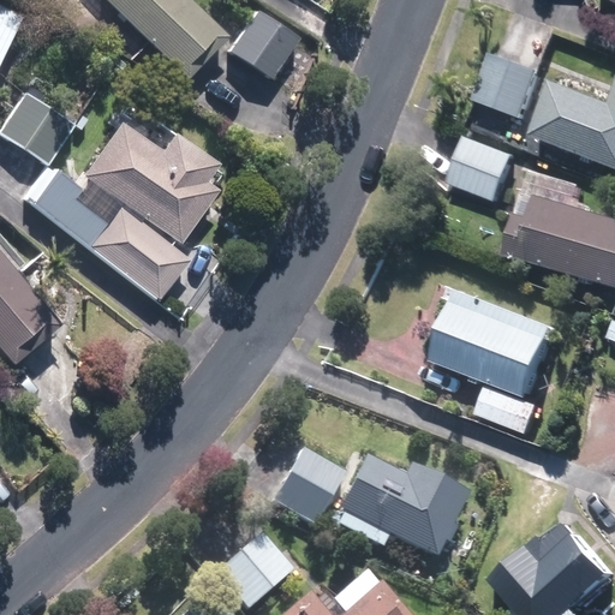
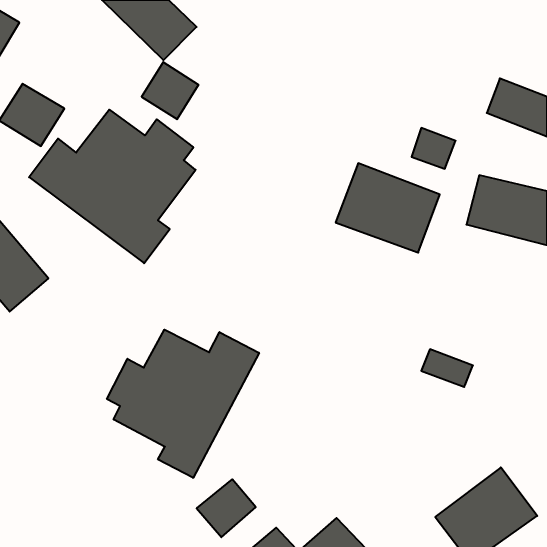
building: [233,16,297,79] -> [142,62,199,119]
building: [473,54,544,130] -> none
building: [425,293,542,393] -> [336,163,440,253]
building: none -> [107,330,259,478]
building: [277,455,338,519] -> none
building: [341,456,468,555] -> none

